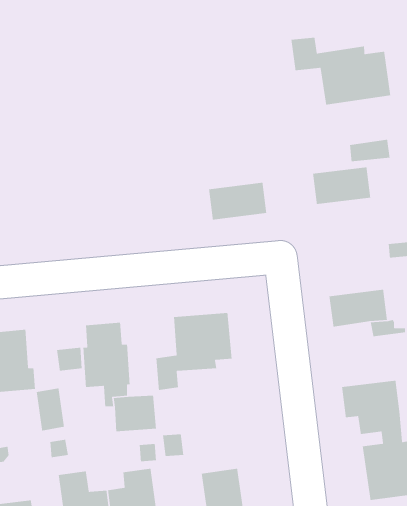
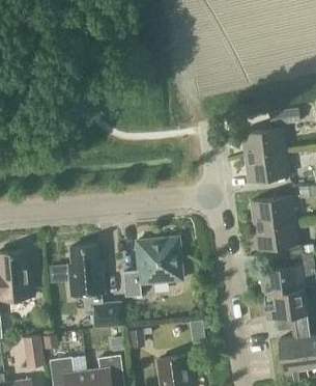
building: [290,37,391,106] -> none
building: [208,182,267,220] -> [245,153,289,182]
building: none -> [251,197,295,226]
building: none -> [260,266,305,295]
building: [36,387,65,431] -> [23,335,45,368]

